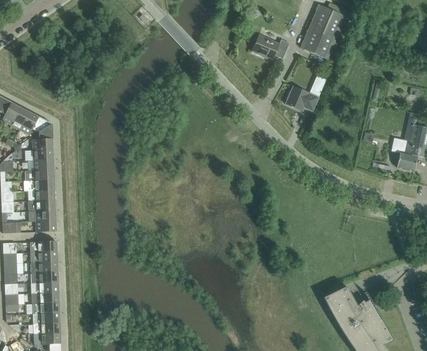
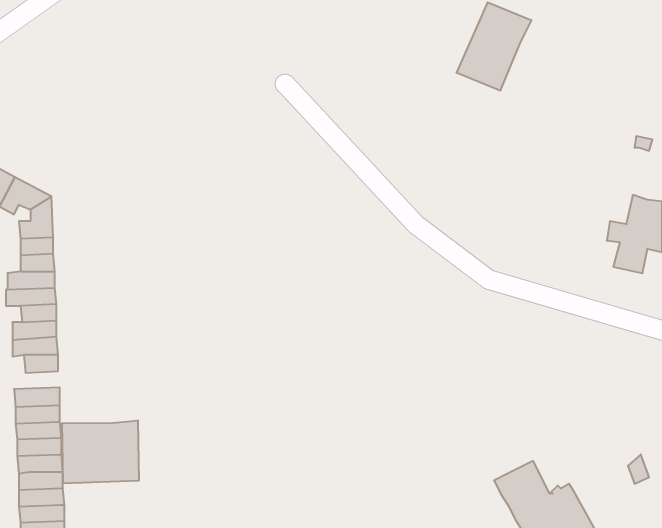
building: [251,34,289,58] -> none
building: [285,75,326,110] -> none
building: none -> [62,420,139,483]

